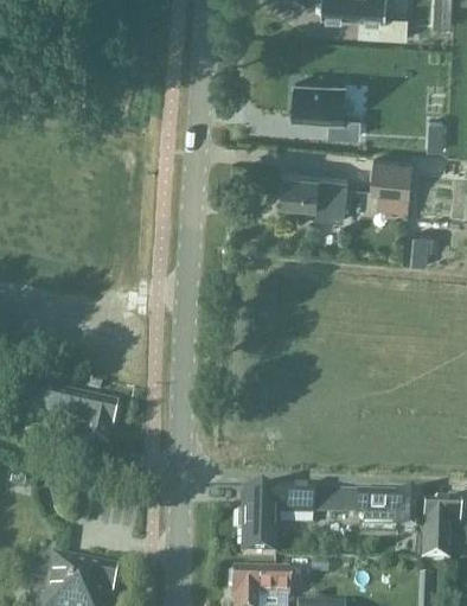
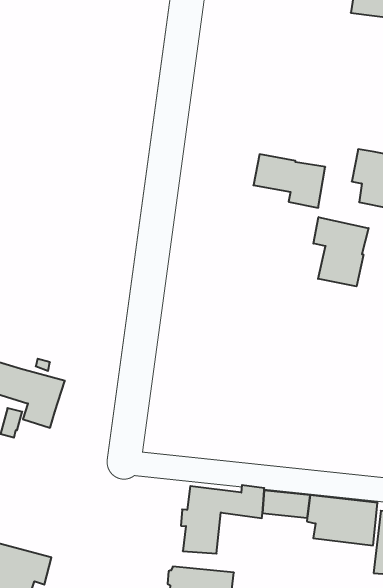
building: [293,84,359,136] -> none
building: none -> [313,217,369,286]

